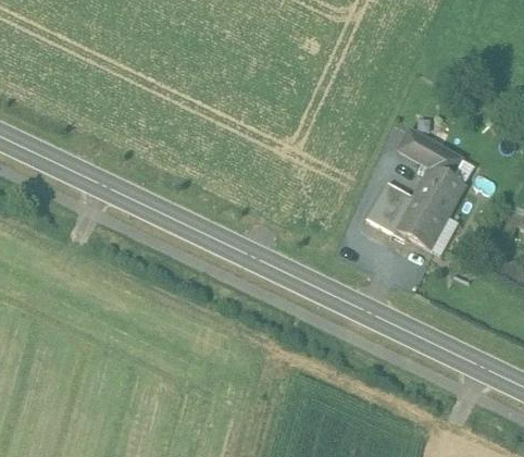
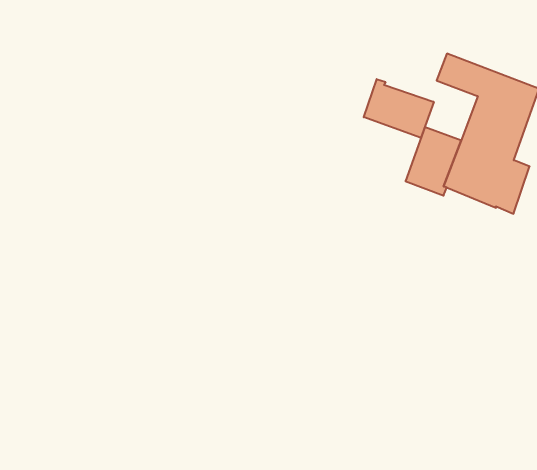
building: none -> [364,79,434,138]

